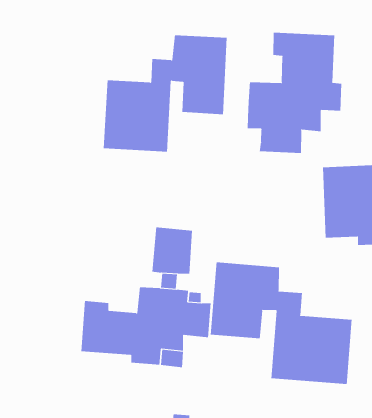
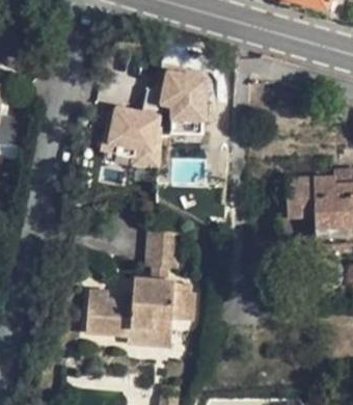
building: [247,32,342,154] -> none
building: [210,261,352,385] -> none

